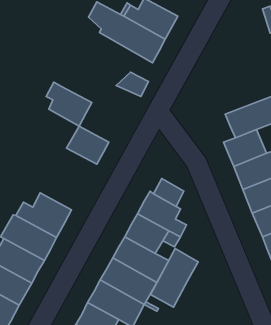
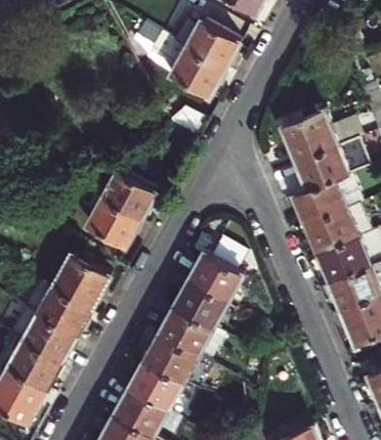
building: none -> [282,111,335,160]
building: [46,82,92,126] -> [84,195,139,249]
building: [151,248,198,307] -> none

